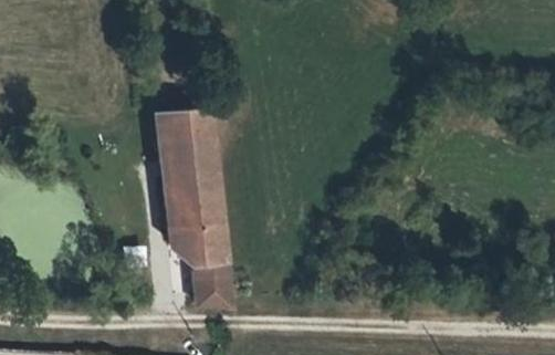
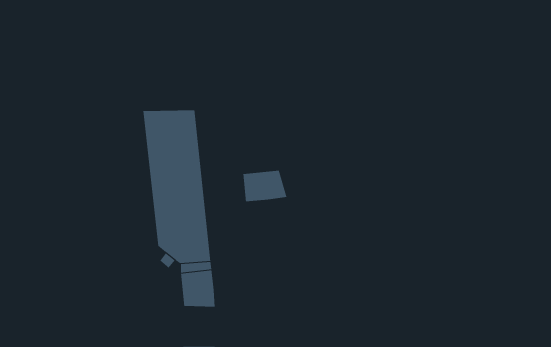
building: none -> [243,170,287,202]

